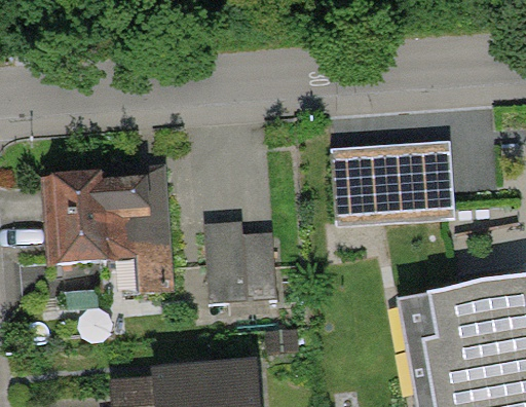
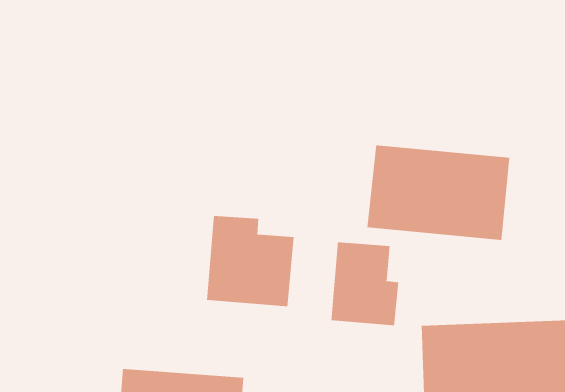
building: [51,165,170,296] -> none
building: none -> [331,242,399,326]

